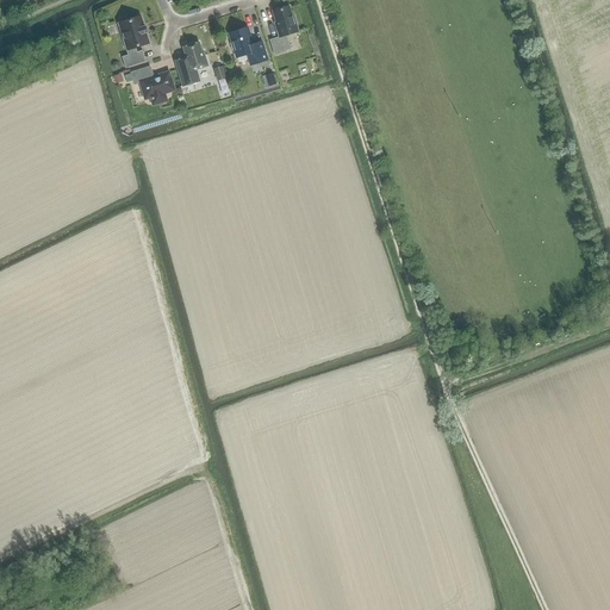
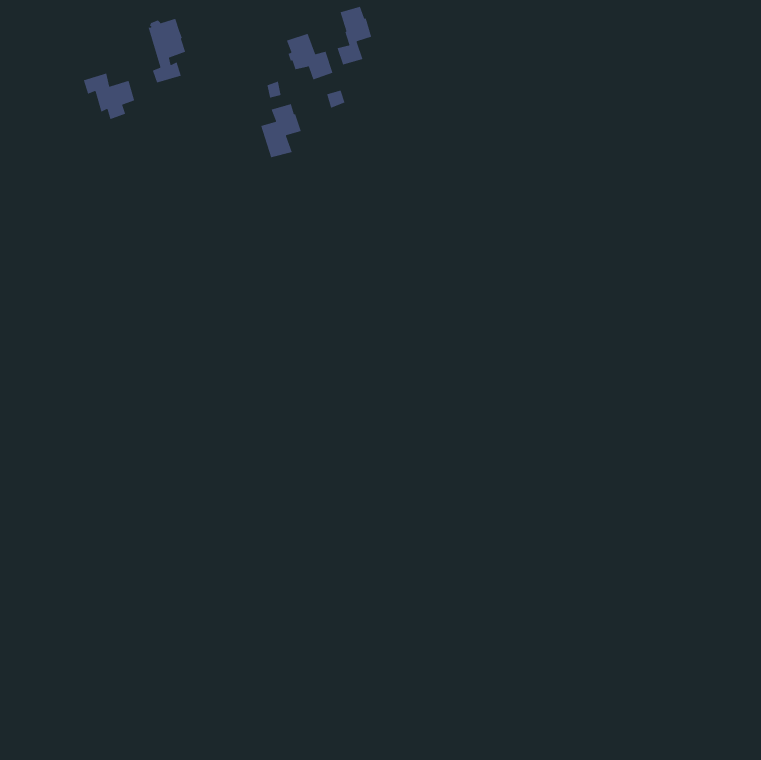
building: [174,42,207,86] -> [260,103,302,158]
building: [131,66,173,104] -> [83,72,135,120]

